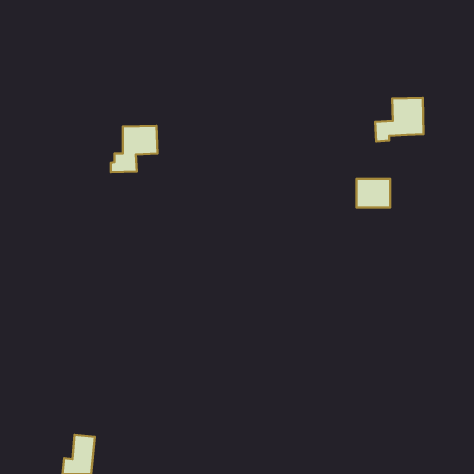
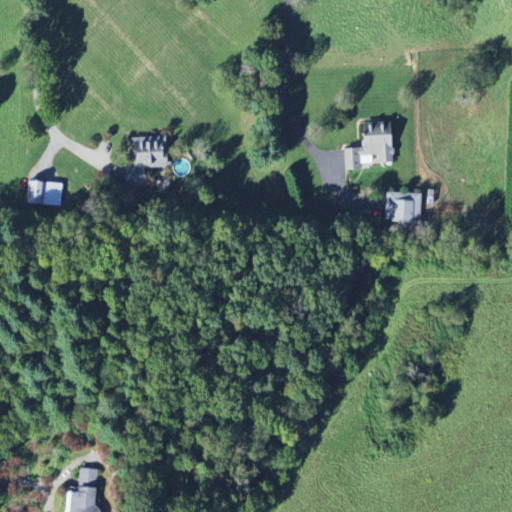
building: [375,98,424,141] -> [343,122,395,169]
building: none -> [25,180,61,205]

